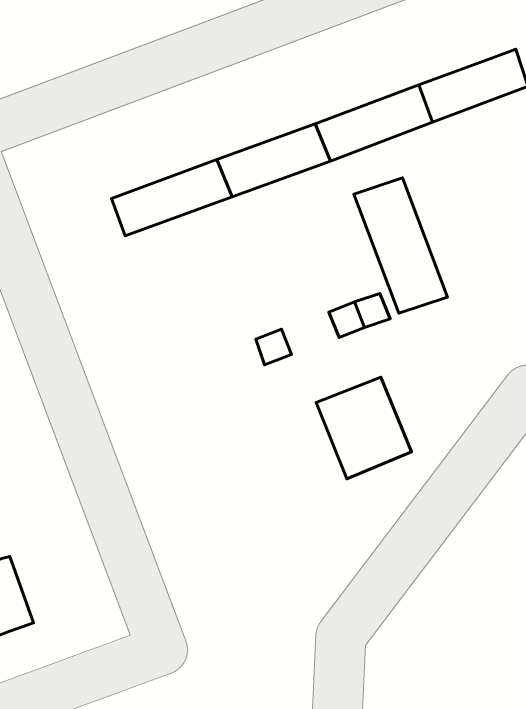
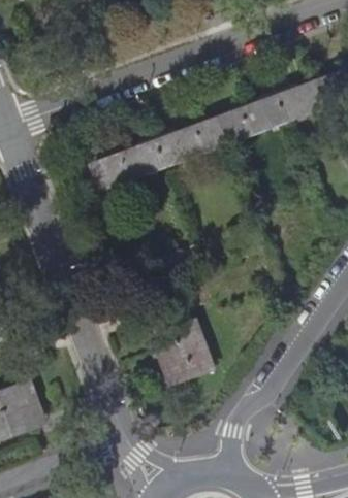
building: [354,178,447,313] -> none
building: [316,377,411,479] -> [154,320,212,381]

